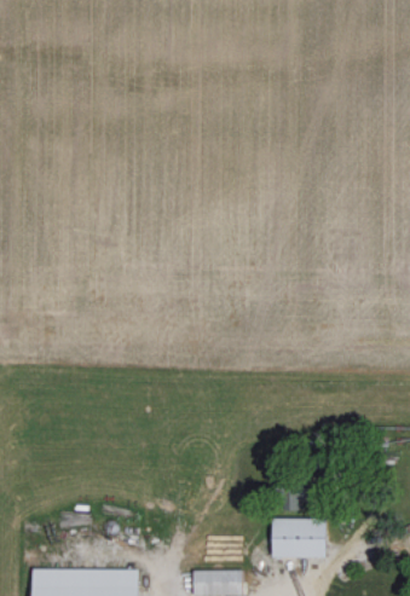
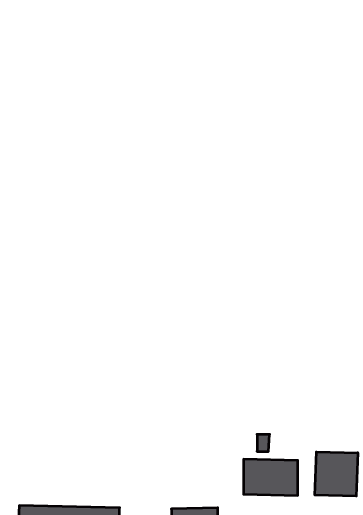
building: none -> [315,452,358,496]

